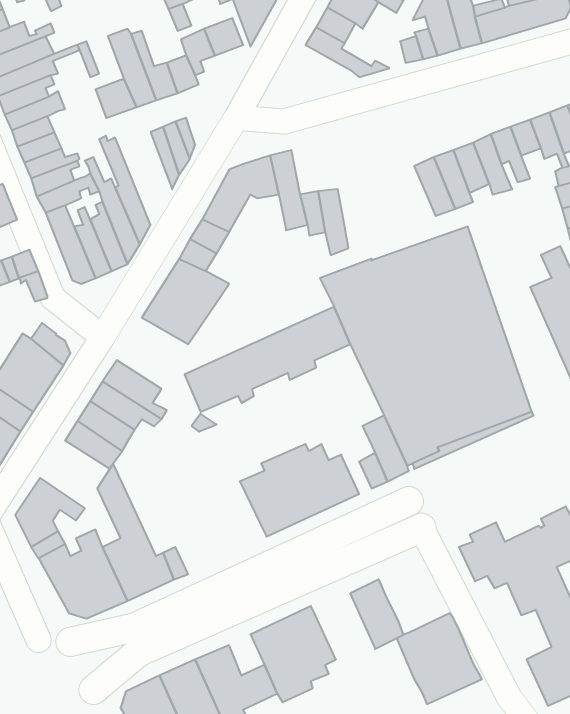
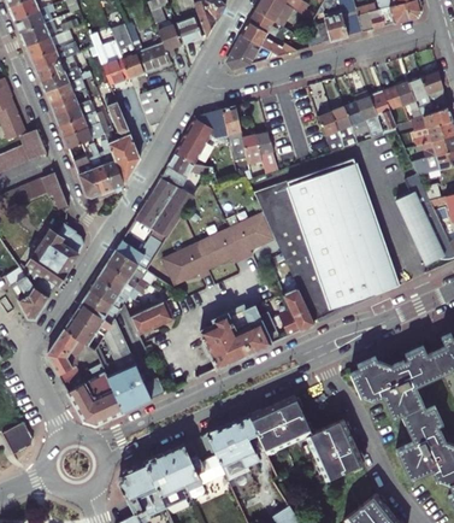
building: none -> [229,35,273,69]
building: none -> [116,235,163,268]
building: none -> [129,300,172,334]
building: none -> [64,302,111,348]
building: none -> [248,406,290,454]

